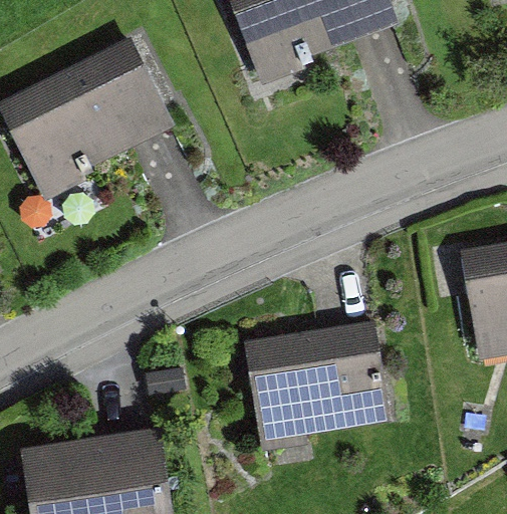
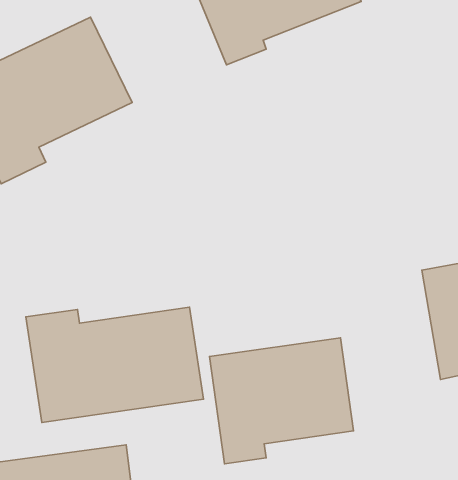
building: none -> [26,307,204,422]

